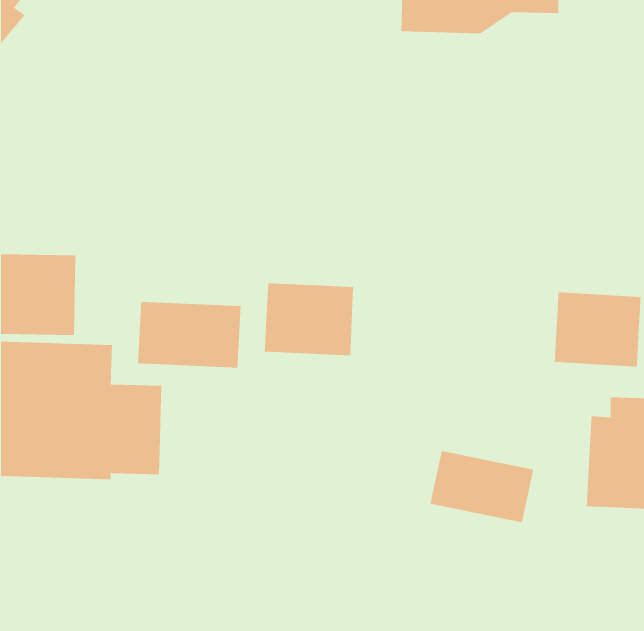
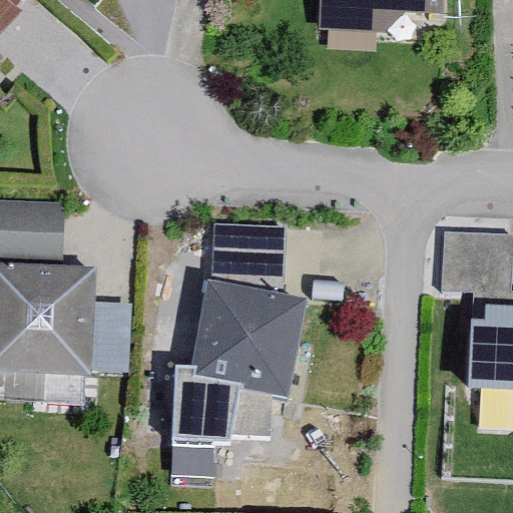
building: [137,301,242,368] -> none
building: none -> [170,287,303,450]
building: [429,450,534,523] -> none

